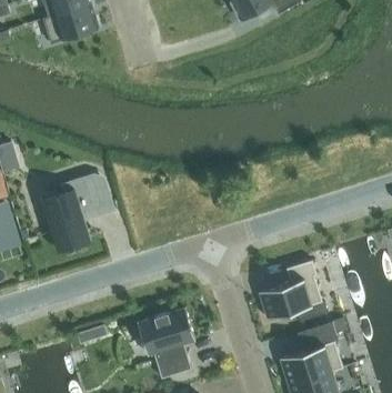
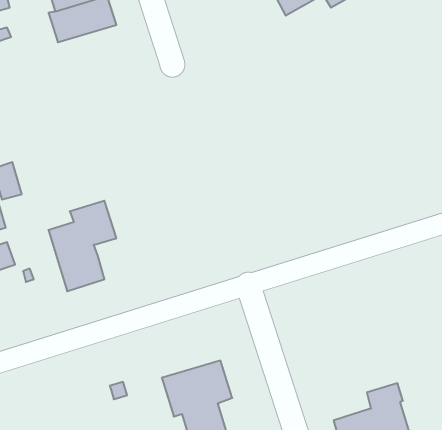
building: [259,260,322,319] -> none

